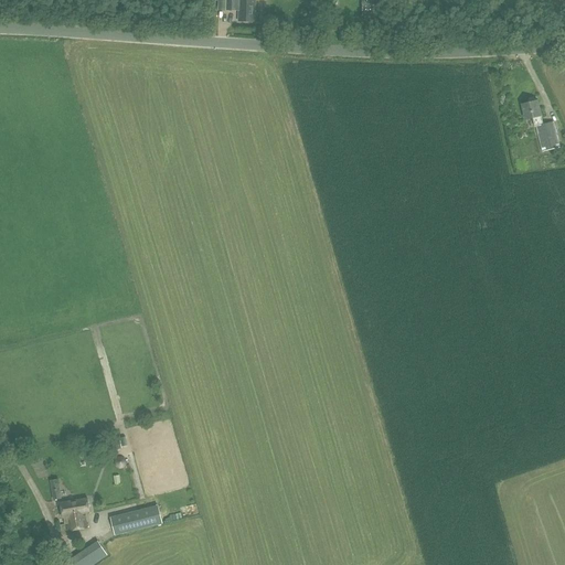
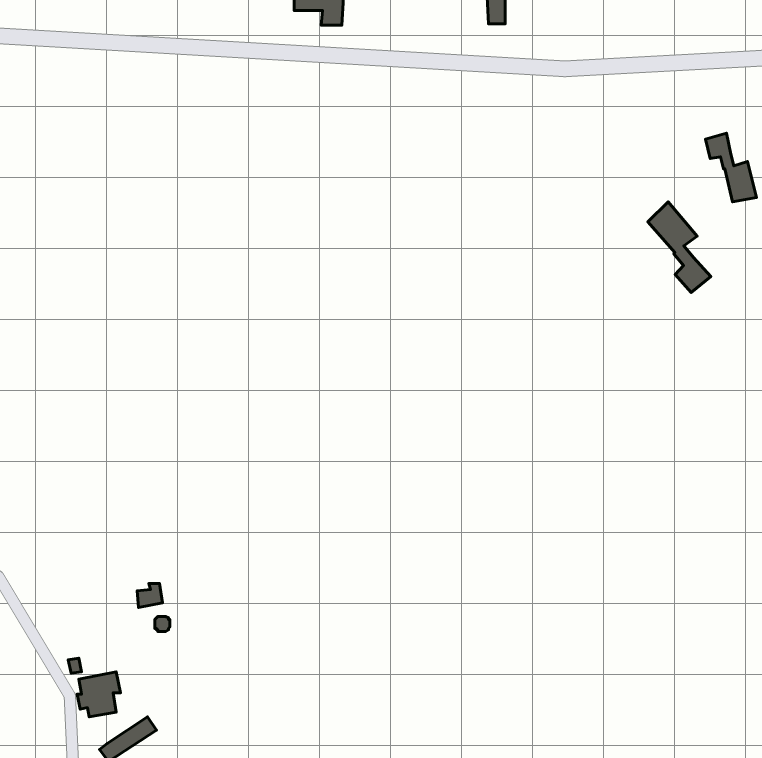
building: none -> [648,202,711,293]
building: [110,503,161,532] -> none

